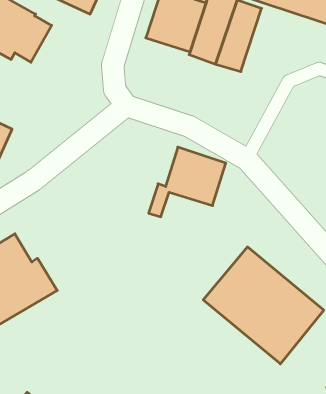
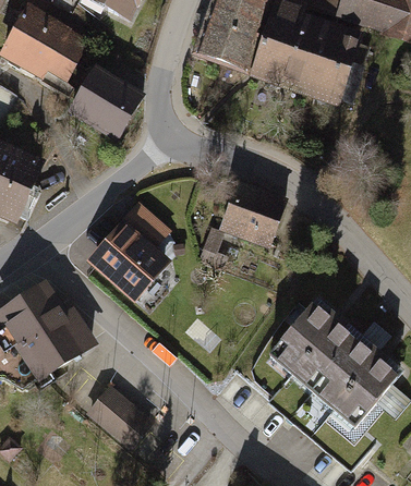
building: none -> [307,19,365,101]
building: none -> [65,66,144,143]
building: none -> [88,204,174,302]
building: none -> [85,382,157,452]

